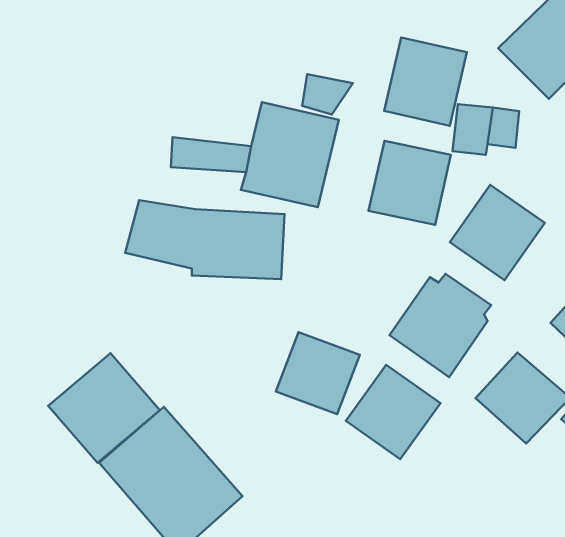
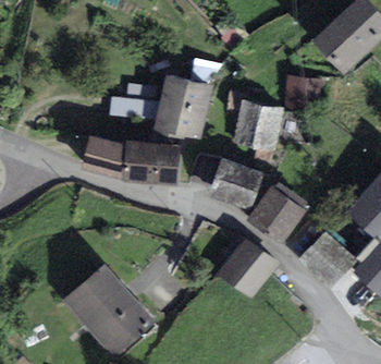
building: [384,37,467,126] -> none
building: [450,185,545,280] -> none
building: [276,332,360,414] -> [208,158,260,209]
building: [48,353,160,463] -> none

